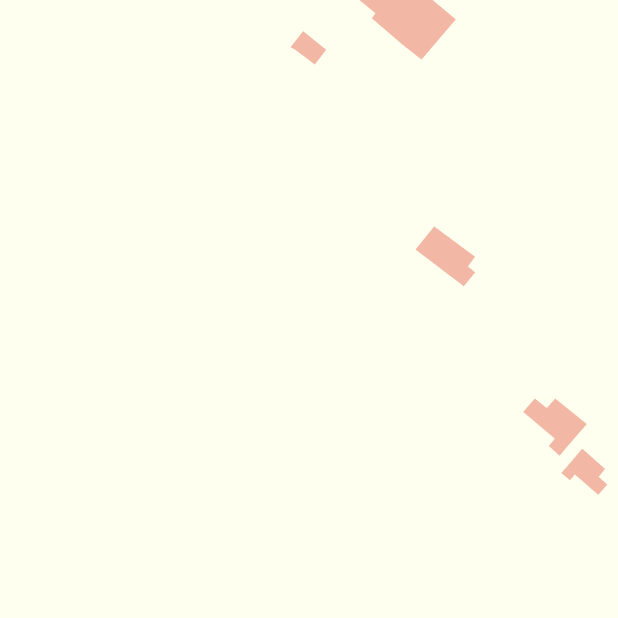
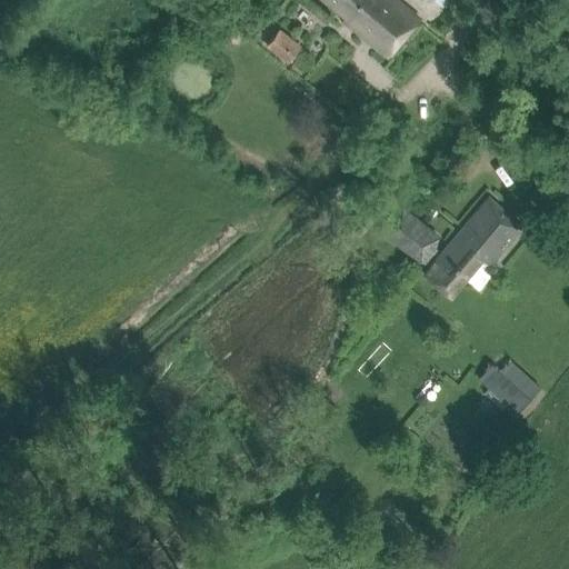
building: none -> [423,196,523,296]
building: [560,448,608,496] -> none

